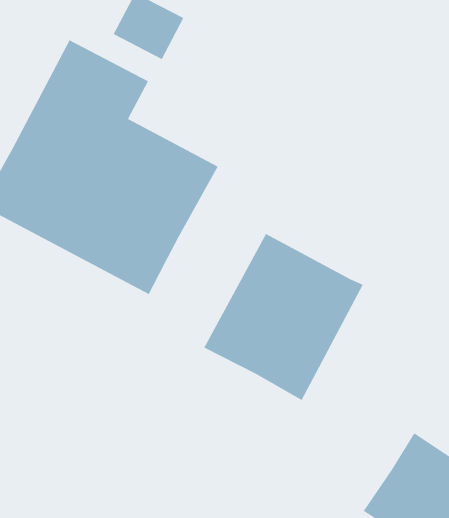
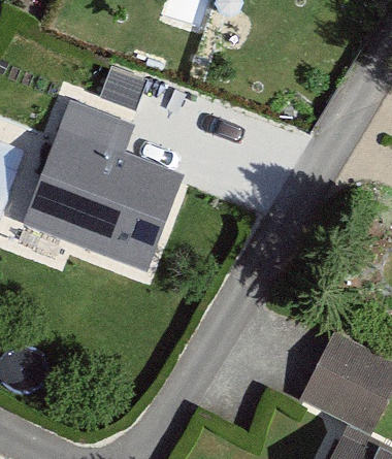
building: [203,233,363,401] -> none

